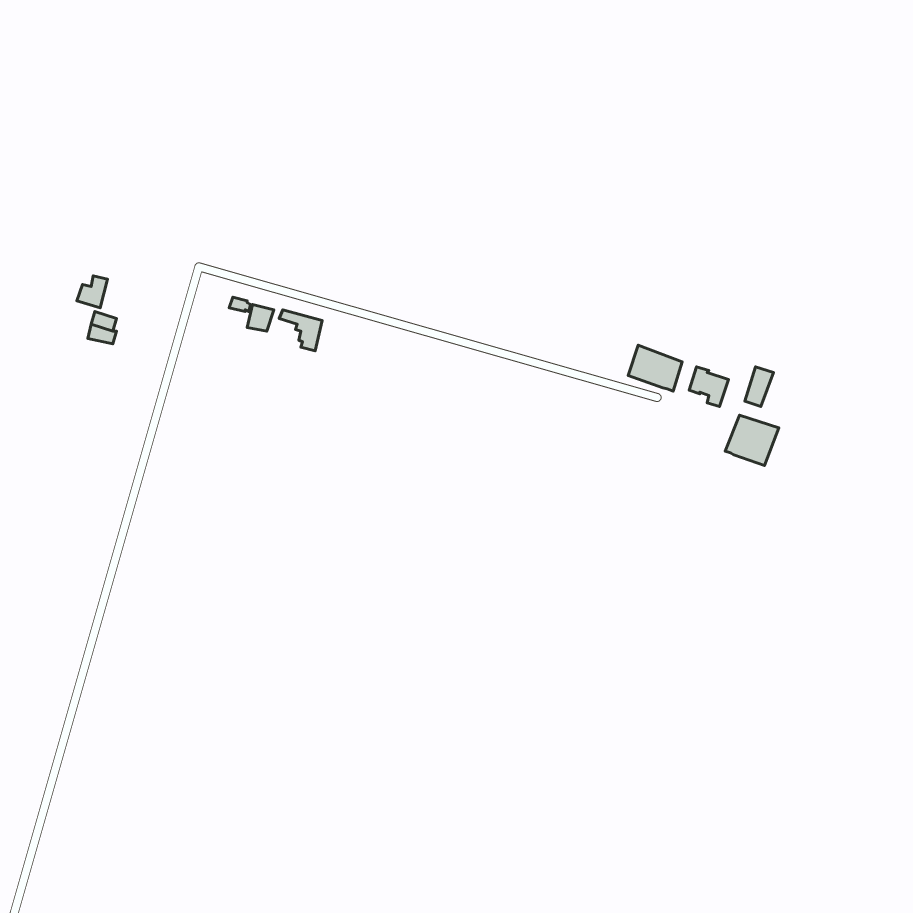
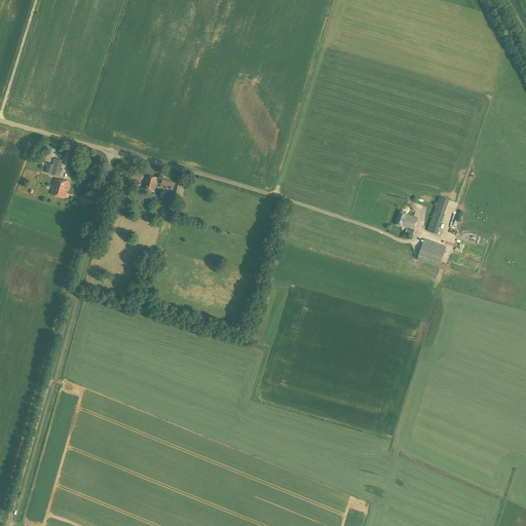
building: [628,345,682,391] -> none

